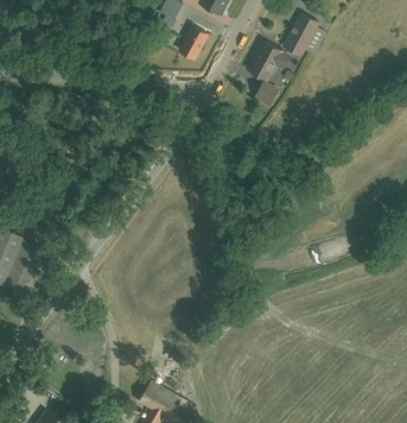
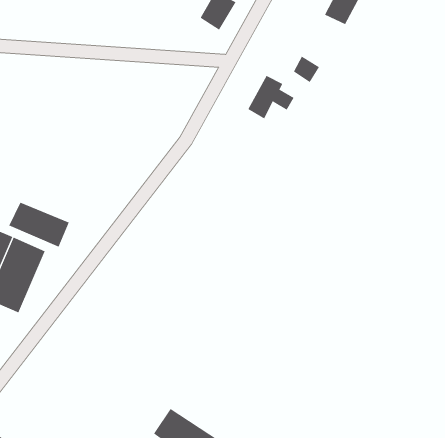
building: [248,40,287,77] -> [248,75,294,119]
building: none -> [9,202,69,247]

